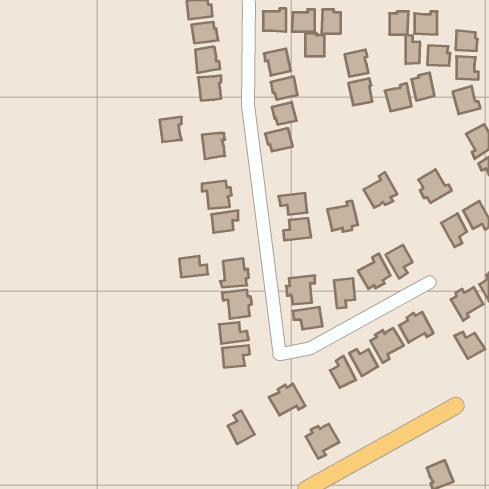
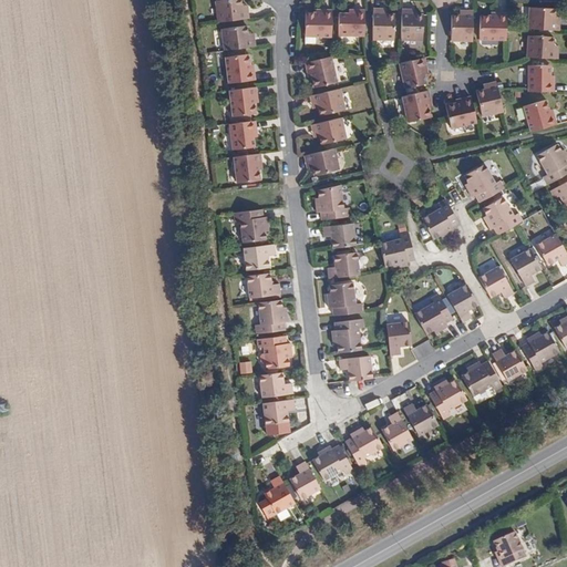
building: [305,33,324,56] -> [401,12,423,39]
building: [406,35,420,64] -> none
building: [427,46,450,66] -> [528,7,555,30]
building: [160,117,182,142] -> [229,121,255,150]
building: none -> [465,164,505,202]
building: none -> [318,185,352,219]
building: none -> [478,265,514,298]
building: none -> [327,282,362,316]
building: [179,256,208,277] -> [248,272,281,297]
building: [454,332,485,359] -> [494,353,529,384]
building: none -> [290,462,320,499]
building: [306,424,339,459] -> [344,426,383,466]

